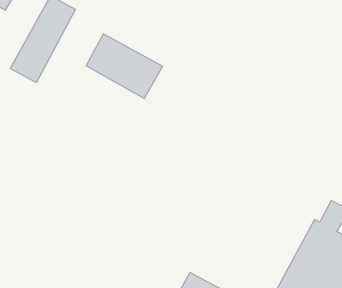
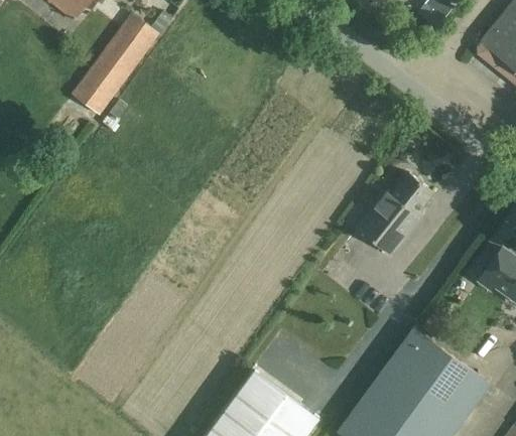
building: [86,34,162,99] -> none
building: none -> [357,171,434,255]

